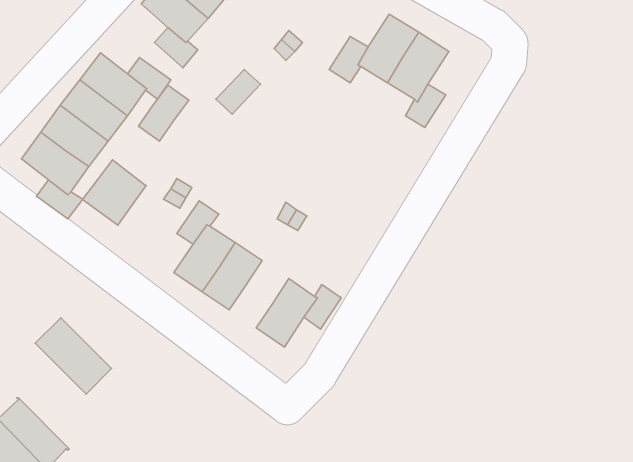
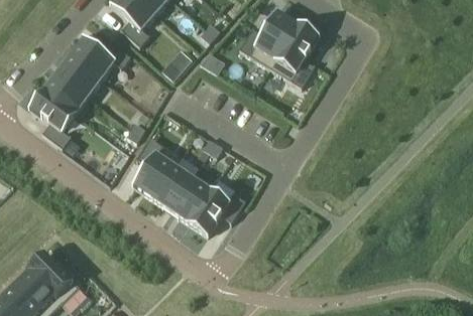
building: [139,85,189,141] -> none
building: [83,160,146,225] -> none
building: none -> [169,176,210,221]
building: [35,318,112,394] -> [27,252,79,303]

